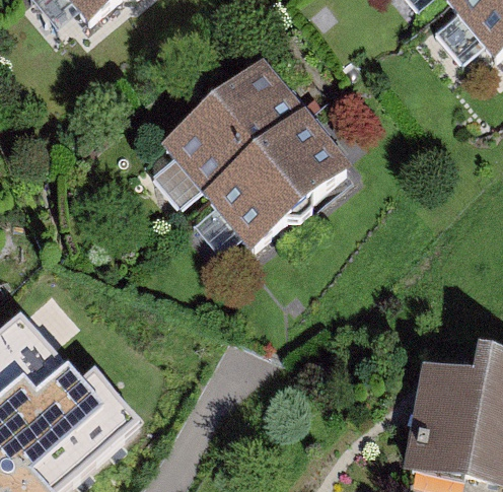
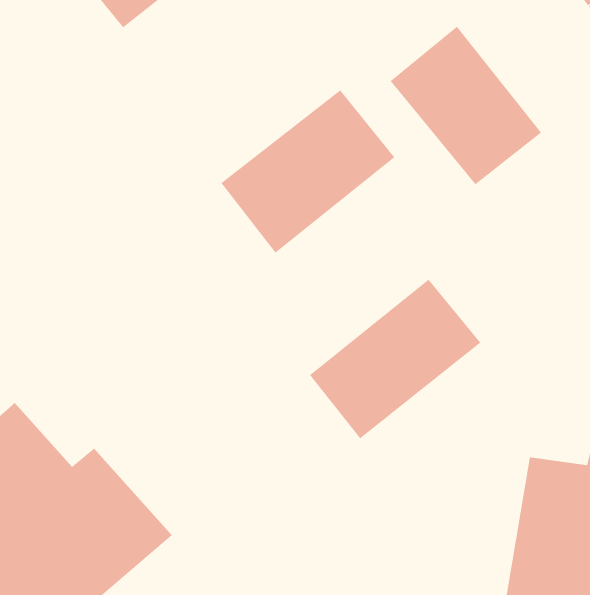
building: none -> [390,26,542,185]
building: [221,125,355,250] -> [309,279,481,439]

